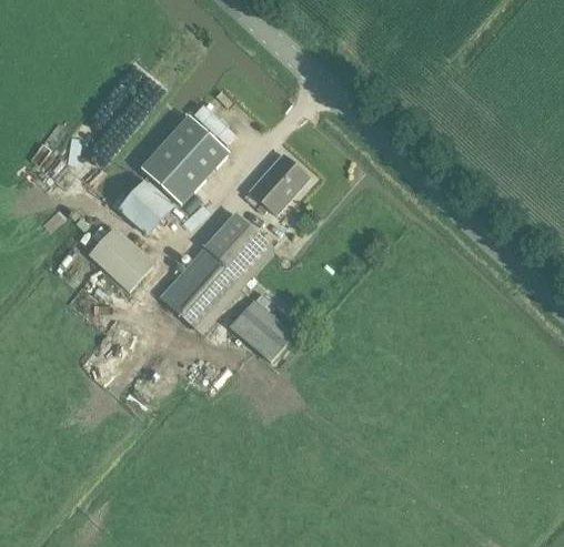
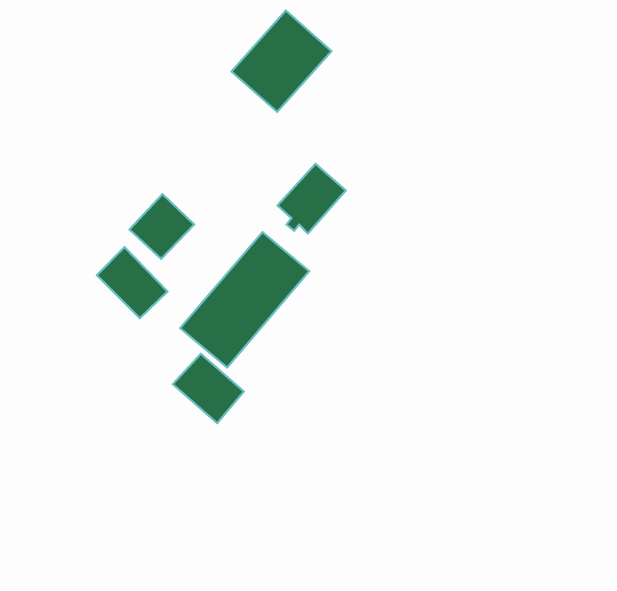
building: [140,114,228,203] -> [232,11,331,112]
building: [230,301,292,362] -> [173,354,244,423]

